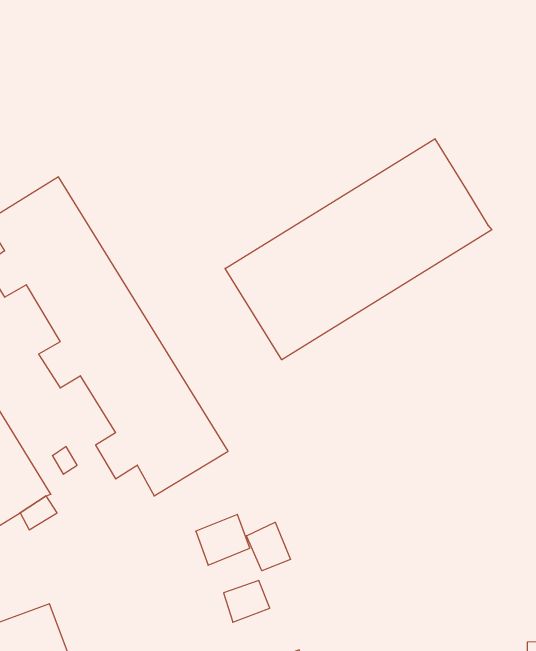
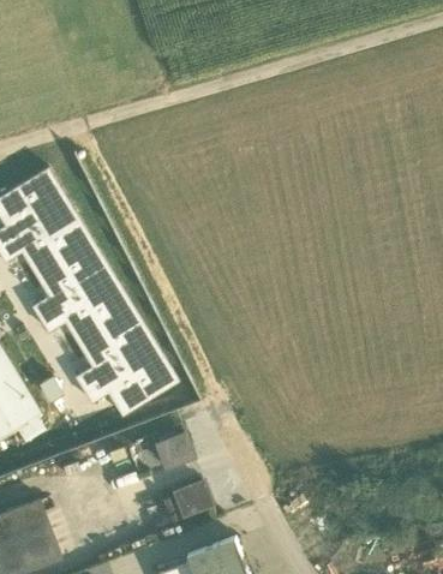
building: [225,139,492,360] -> none
building: [246,522,290,571] -> none

